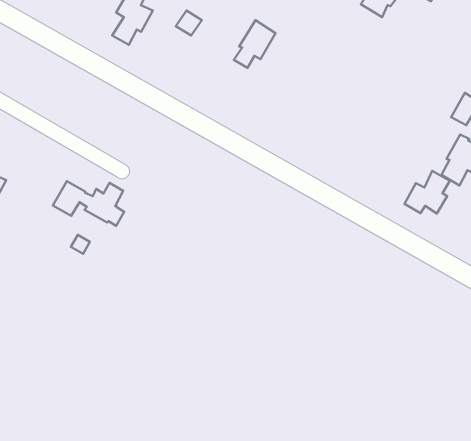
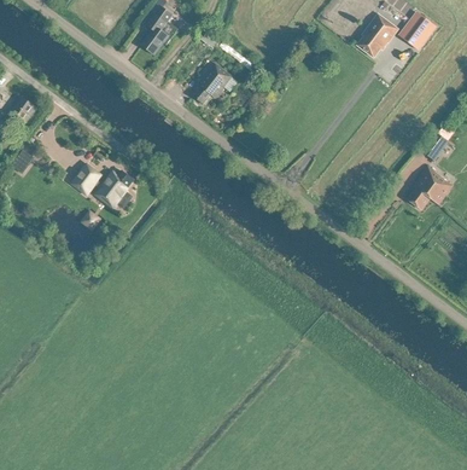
building: [234,20,276,68] -> [192,64,230,104]
building: [405,171,450,214] -> none

